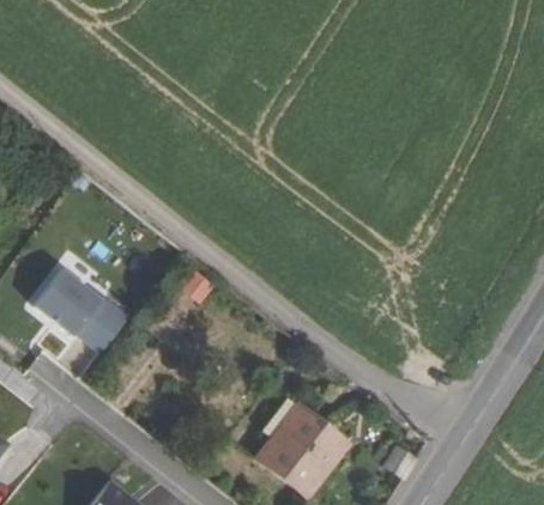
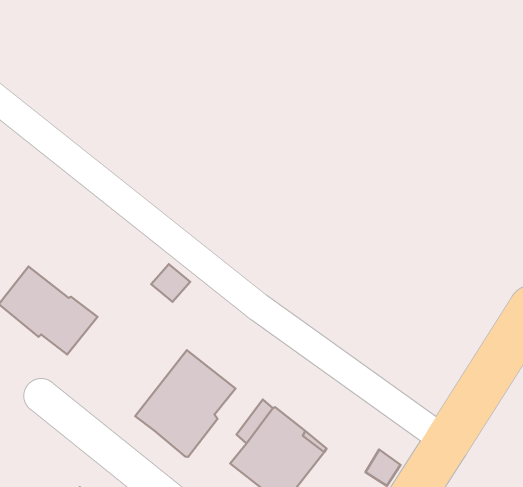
building: none -> [135,350,235,457]

